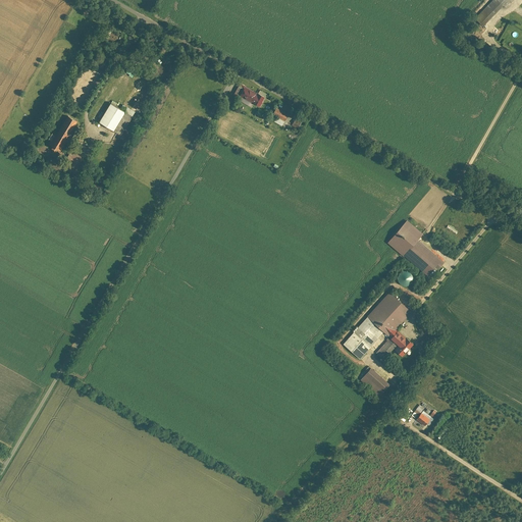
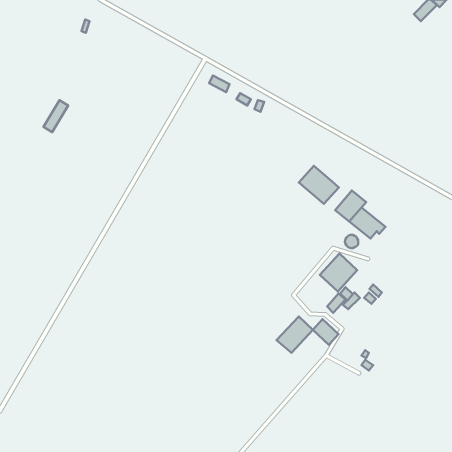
building: [99,103,125,132] -> none
building: none -> [299,166,339,204]
building: [343,316,384,358] -> [277,316,313,353]

